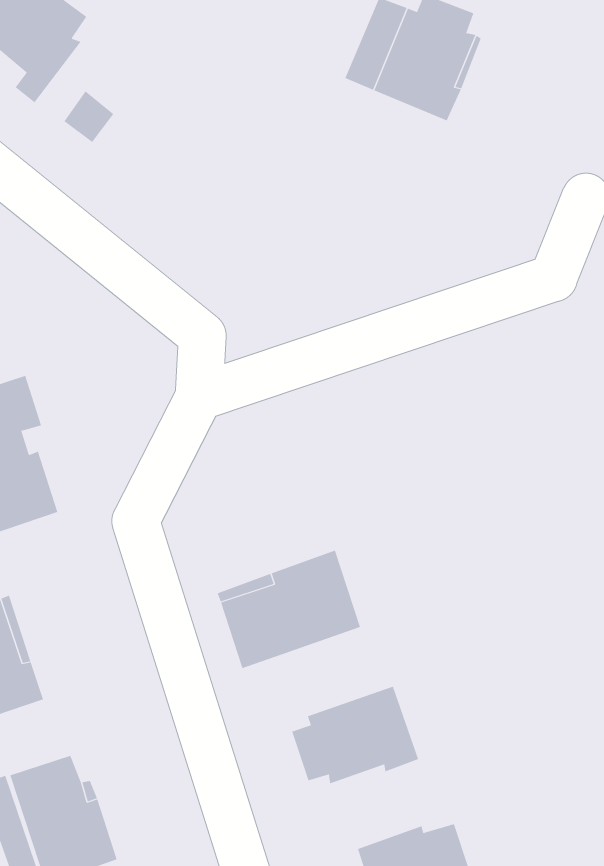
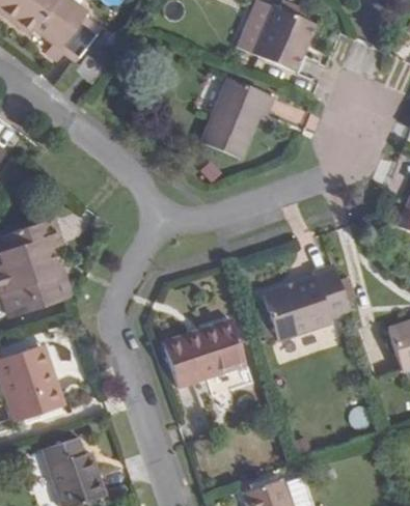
building: none -> [200,78,274,159]
building: none -> [262,263,348,340]
building: [292,686,419,784] -> none

